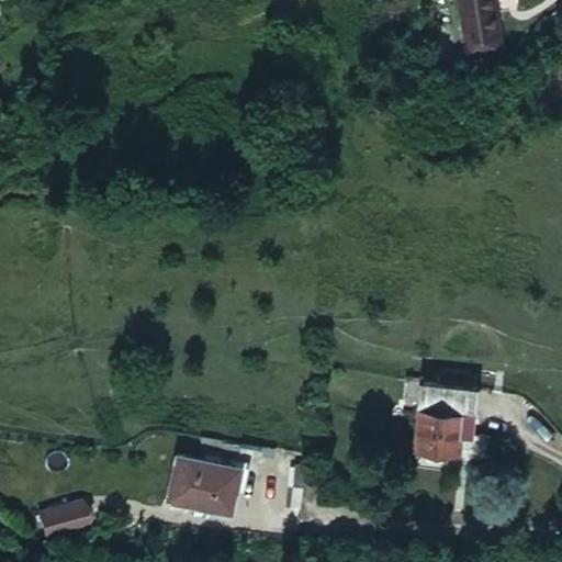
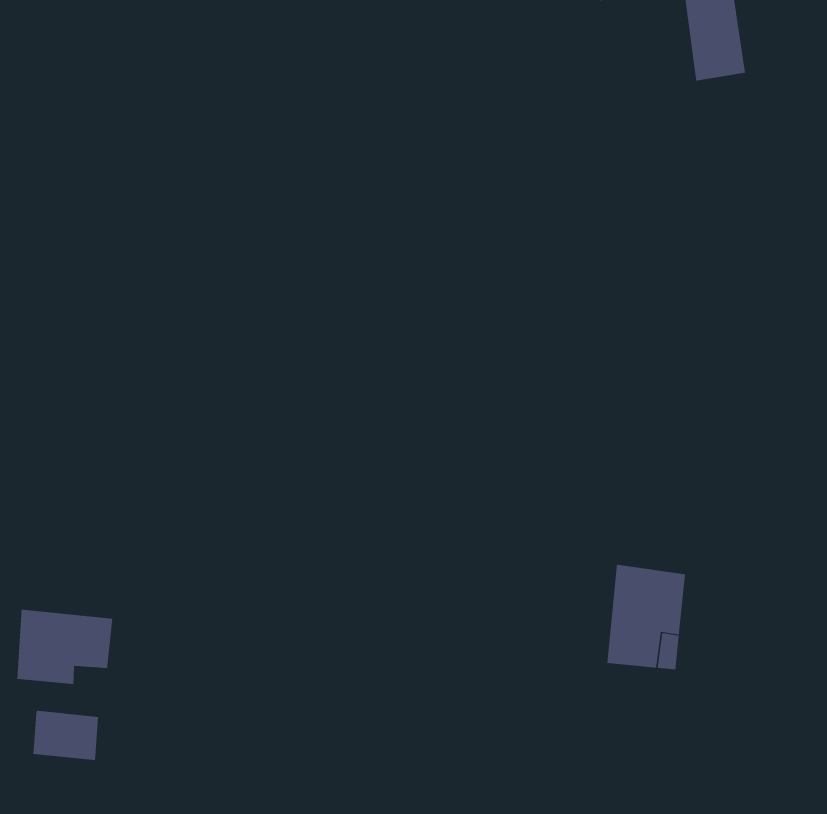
building: none -> [17,609,113,685]
building: [169,471,236,522] -> none

